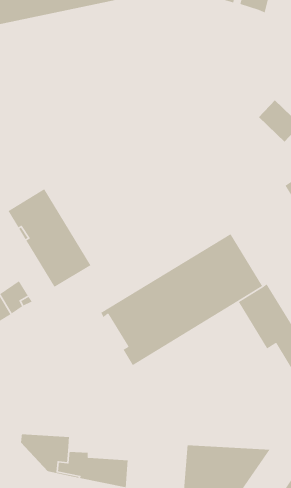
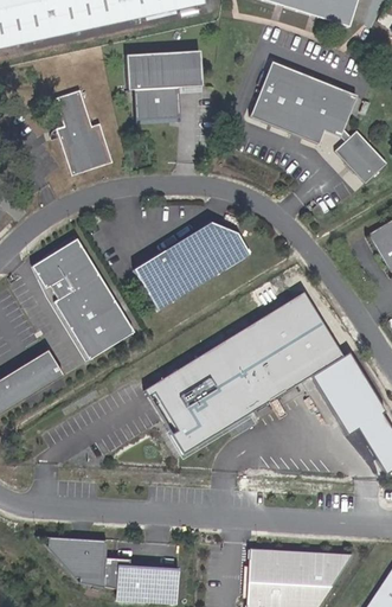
building: none -> [124,50,200,121]
building: none -> [250,60,358,141]
building: none -> [53,90,110,175]
building: none -> [134,223,250,309]

